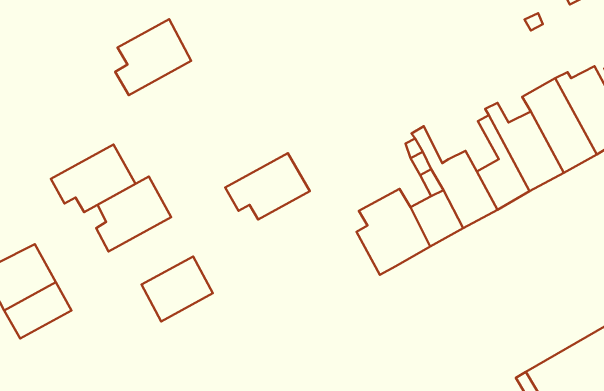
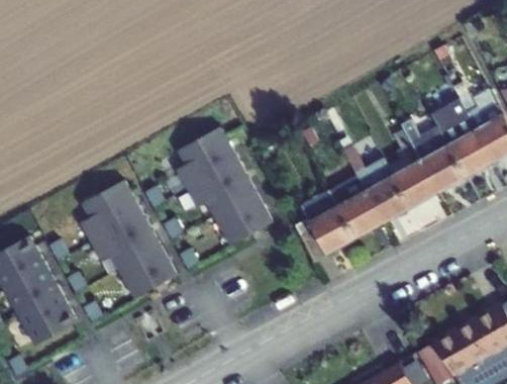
building: [115,19,191,95] -> [176,126,238,189]
building: [51,145,136,212] -> [91,213,161,269]
building: none -> [214,192,273,247]
building: none -> [18,290,78,346]

